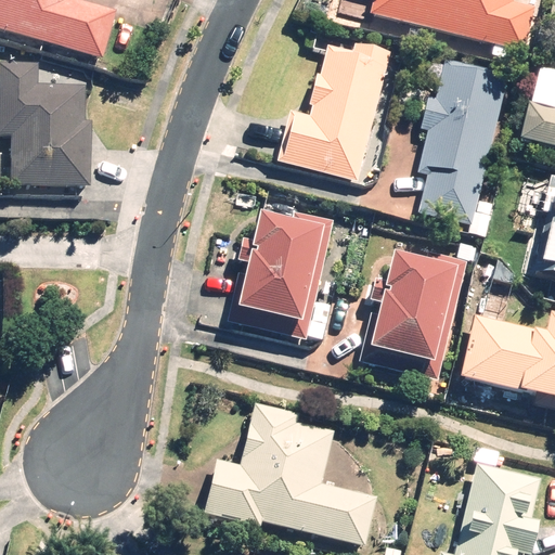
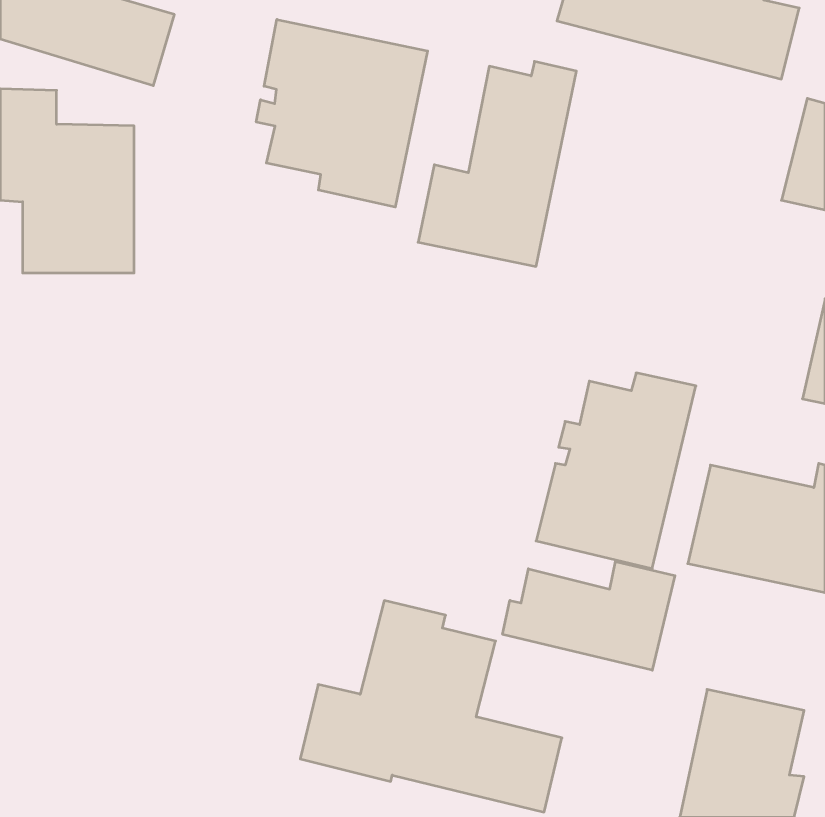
building: none -> [256,19,428,207]
building: [420,59,507,233] -> none
building: [229,210,330,341] -> none
building: none -> [503,561,675,670]

